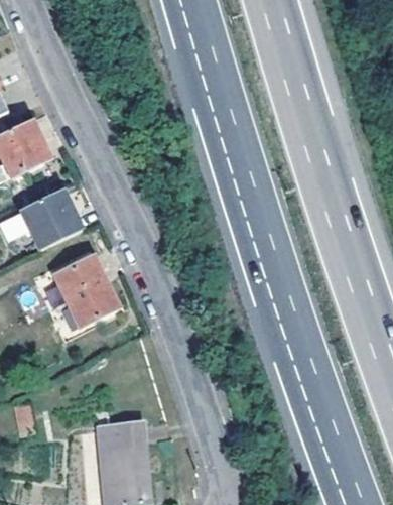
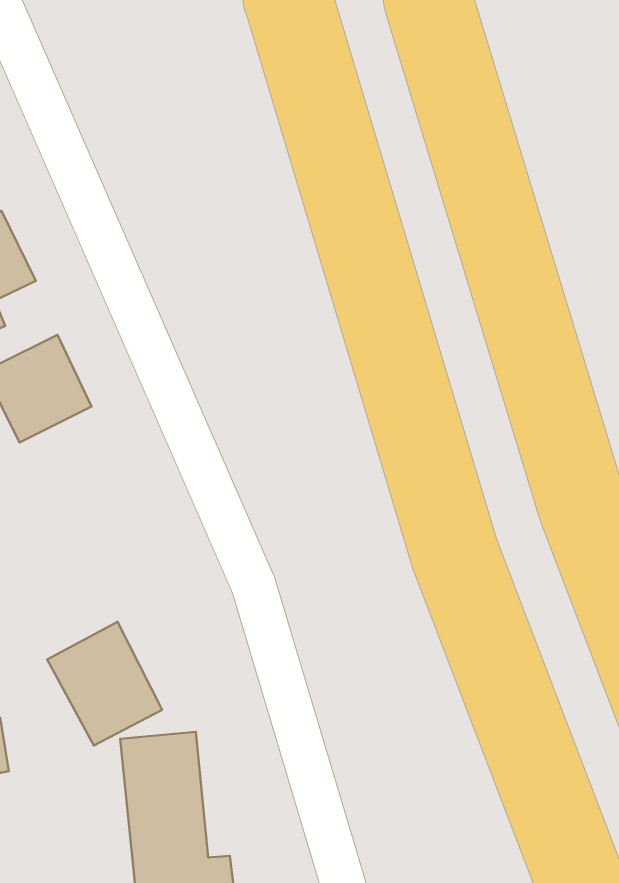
building: [52,256,117,326] -> [47,622,162,746]

